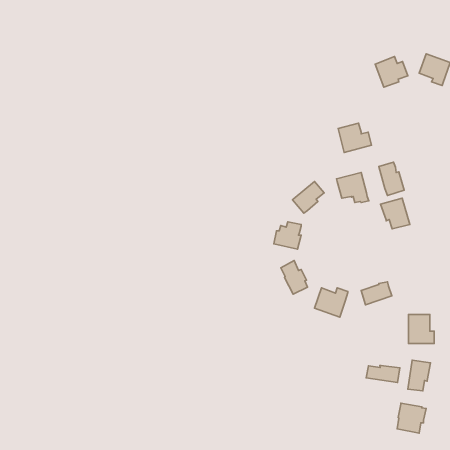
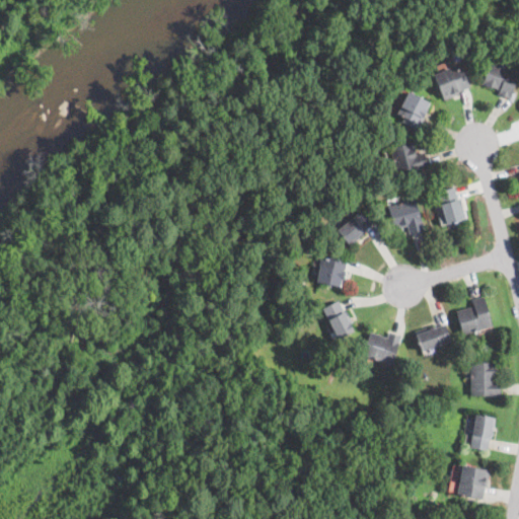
building: none -> [398,90,431,130]
building: [380,198,410,229] -> none
building: none -> [456,296,493,335]
building: [366,365,400,382] -> none

